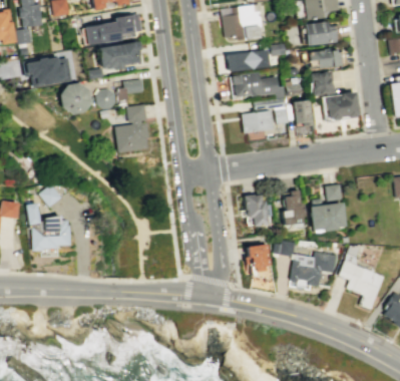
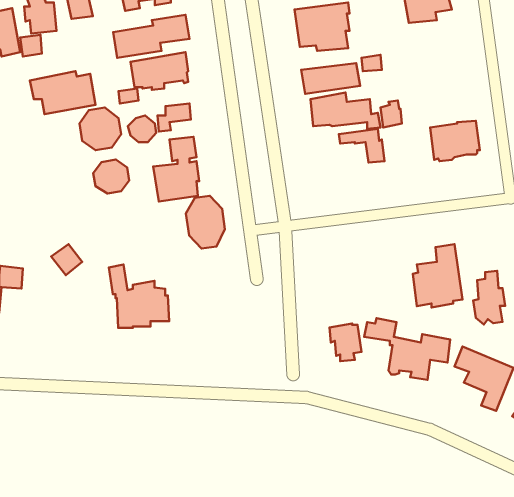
building: [304,21,341,45] -> none
building: [307,49,347,68] -> none
building: [310,71,334,96] -> none
building: [292,99,312,125] -> none
building: [241,110,274,132] -> none
building: none -> [93,160,129,193]
building: none -> [186,196,225,249]
building: [282,189,306,230] -> [473,271,505,325]
building: [245,195,269,226] -> none
building: [26,203,71,250] -> [109,265,169,328]

